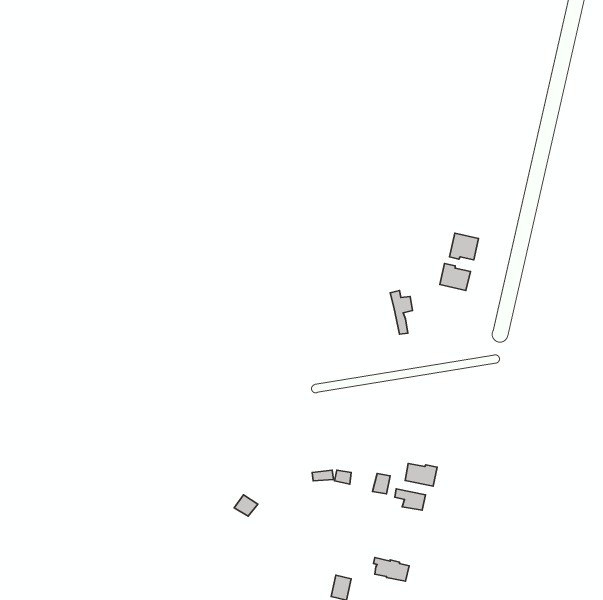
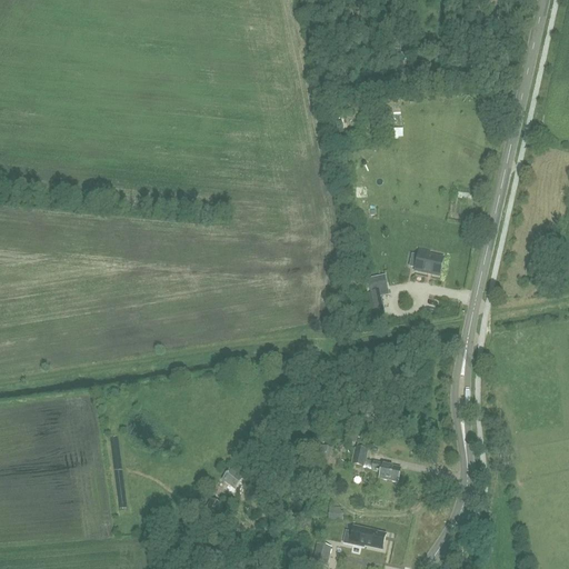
building: [449,233,478,260] -> none
building: [405,463,437,486] -> none

